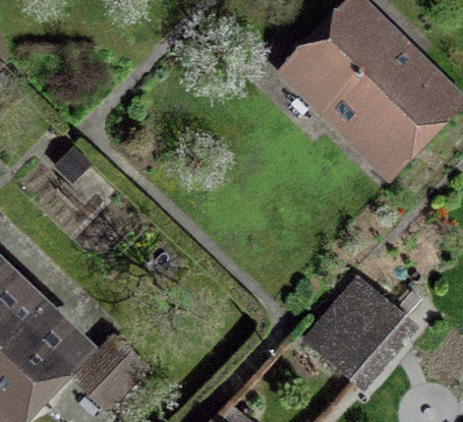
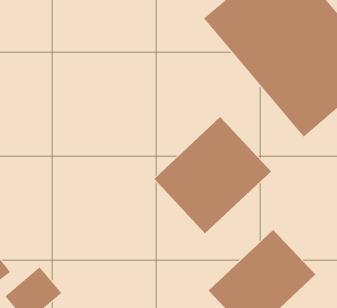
building: none -> [154,116,272,234]

